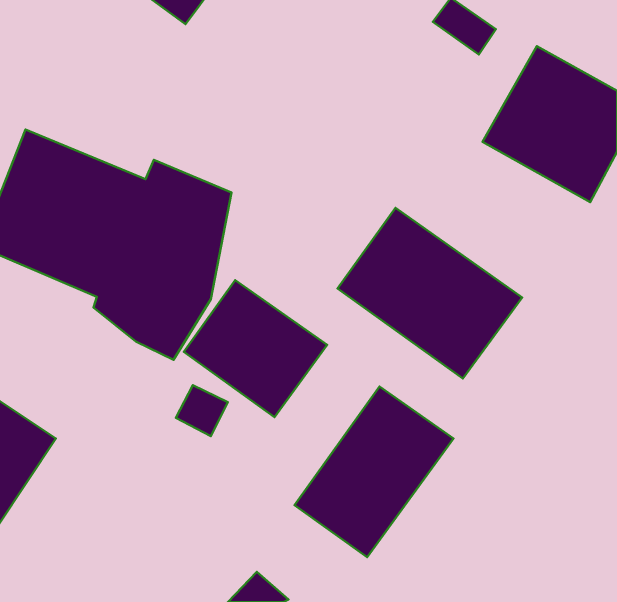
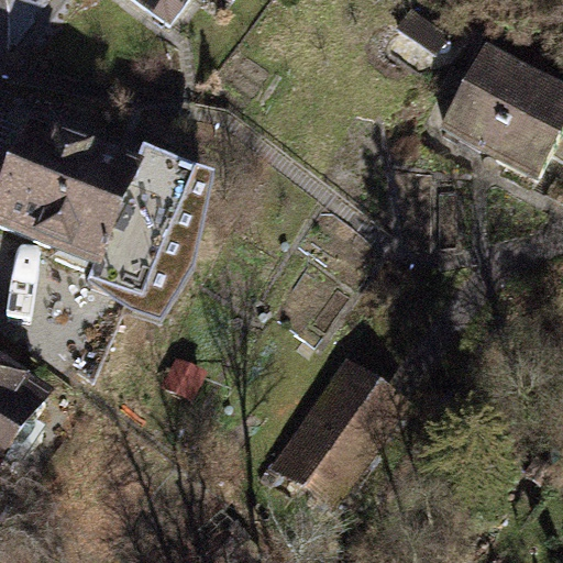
building: [338,208,522,379] -> none
building: [184,280,327,417] -> none

